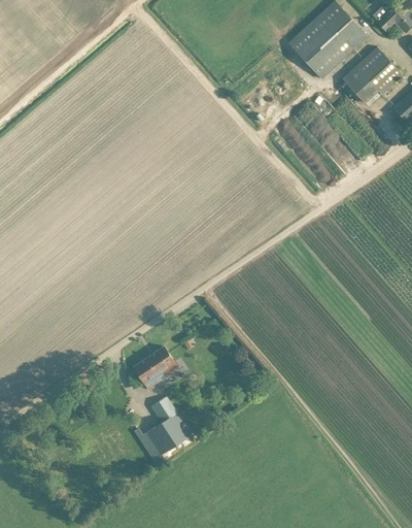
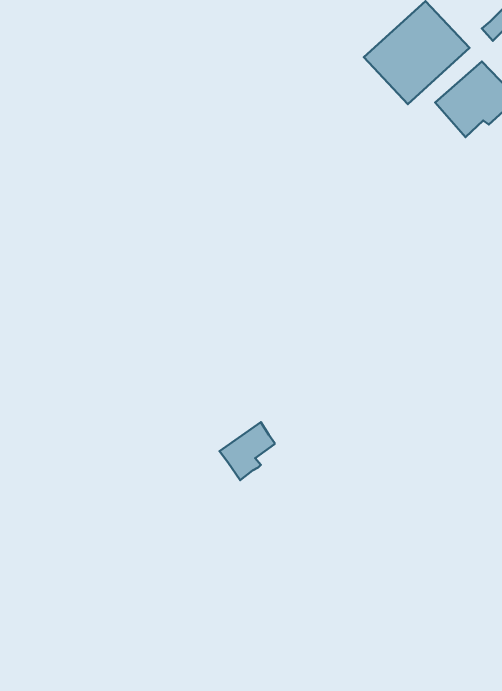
building: [132,345,173,389] -> [220,422,274,480]
building: [134,395,192,459] -> none

